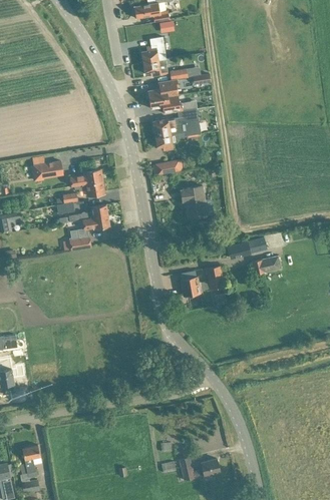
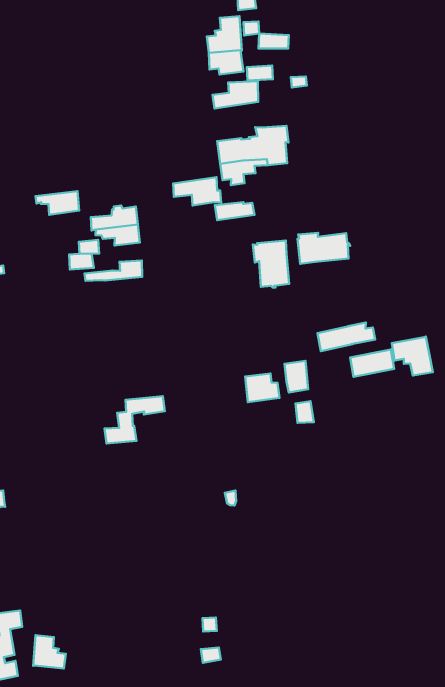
building: [149,93,183,113] -> [173,177,221,205]
building: none -> [298,233,350,264]
building: [69,215,109,249] -> [104,396,165,444]
building: none -> [392,337,433,376]
building: [179,457,220,480] -> none
building: none -> [33,635,66,668]

